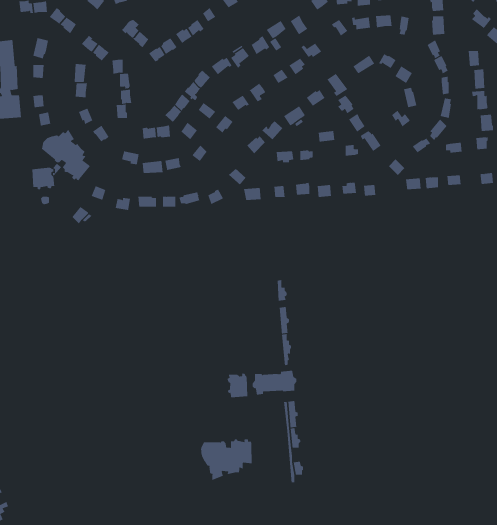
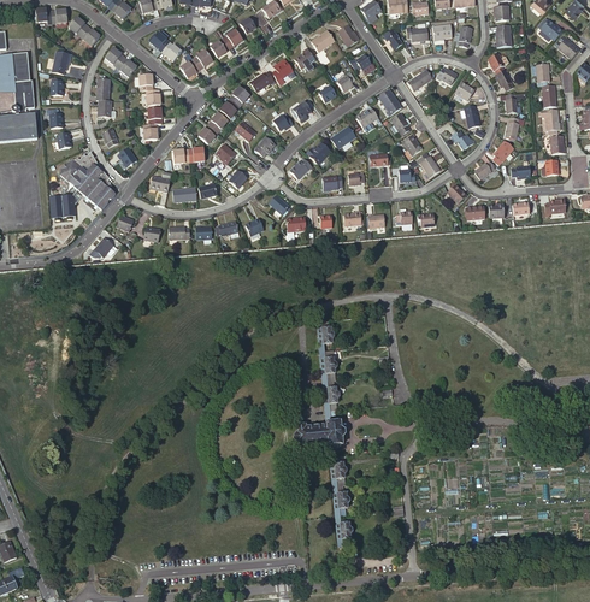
building: [227,373,248,398] -> none
building: [201,438,252,481] -> none

